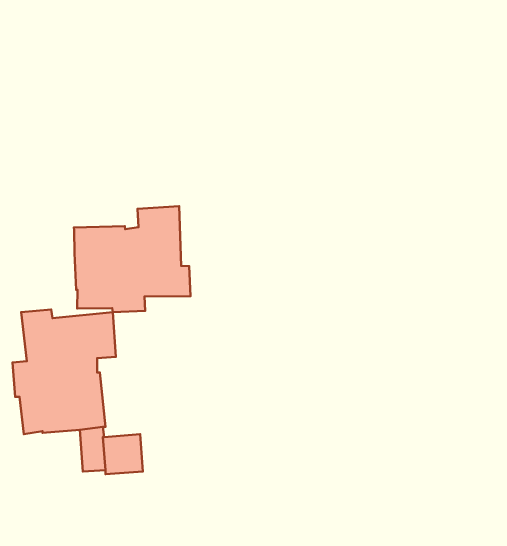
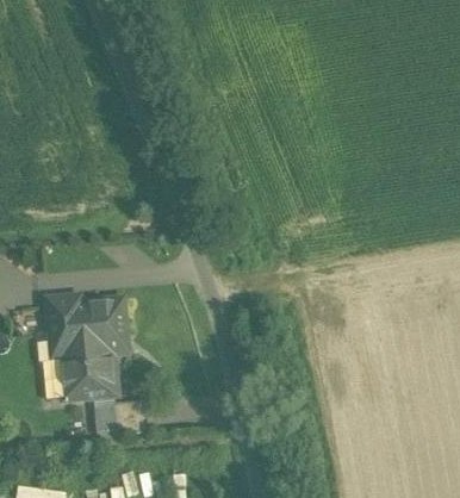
building: [74,206,190,312] -> none

